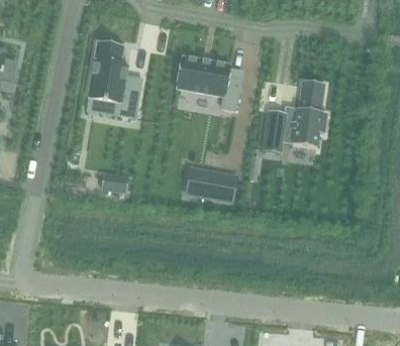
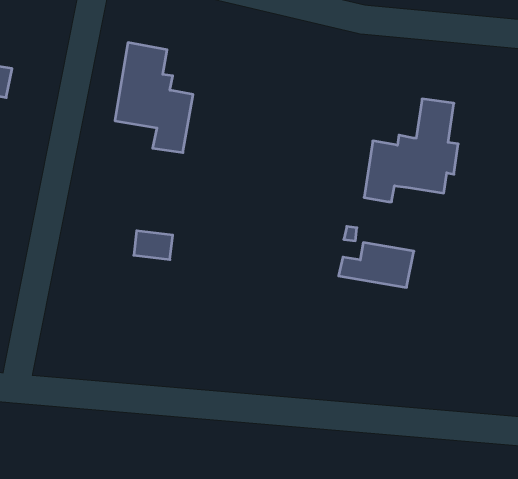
building: [176,53,241,109] -> none
building: [185,168,237,200] -> [339,243,414,287]

